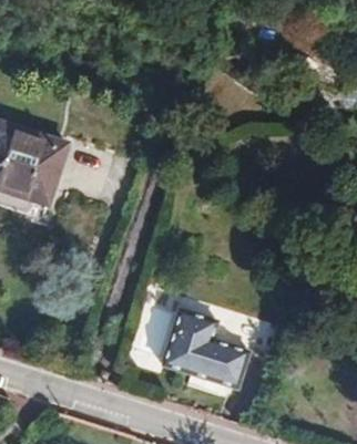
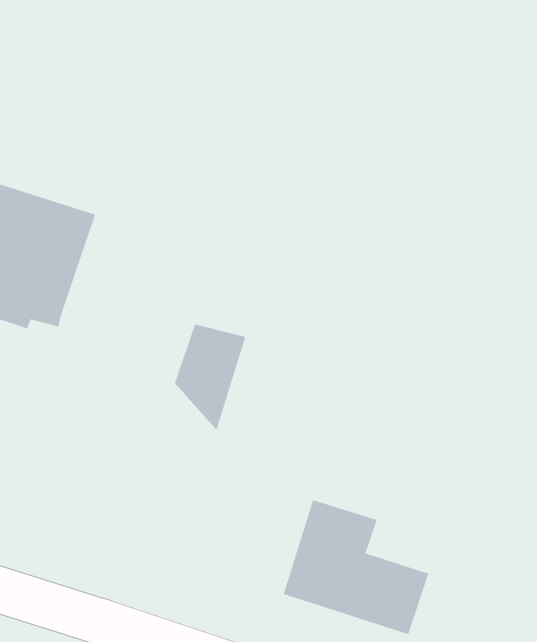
building: [150,304,193,369] -> [174,324,246,431]

